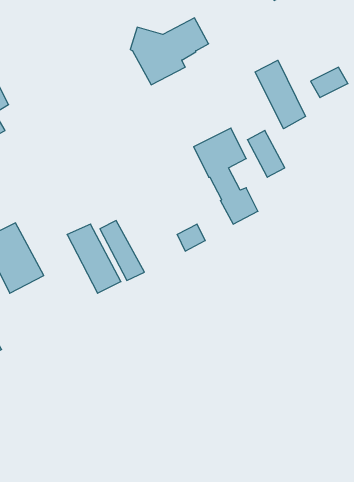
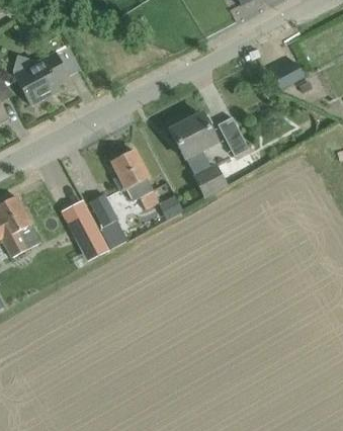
building: [130,18,209,85] -> [12,46,80,103]
building: [255,60,305,129] -> none
building: none -> [112,149,156,208]

